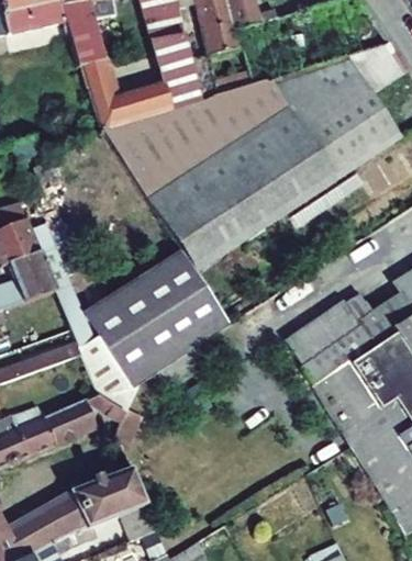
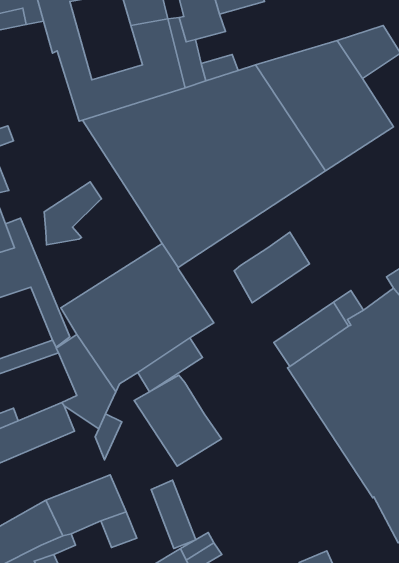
building: none -> [44,182,102,245]
building: none -> [234,232,310,303]
building: none -> [134,375,222,466]
building: none -> [151,480,196,548]

